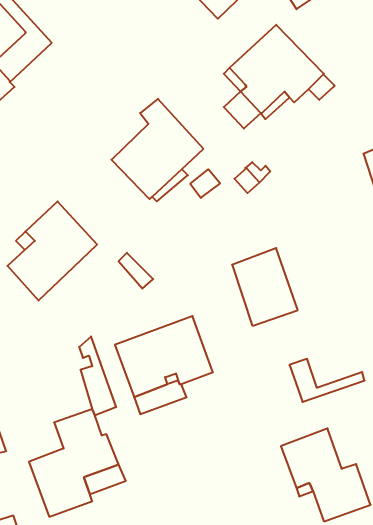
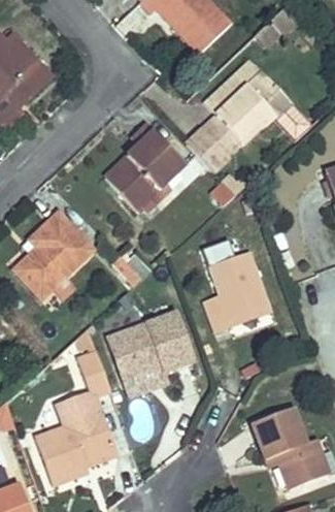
building: none -> [187,130,229,172]
building: [289,359,365,402] -> [203,294,268,331]

